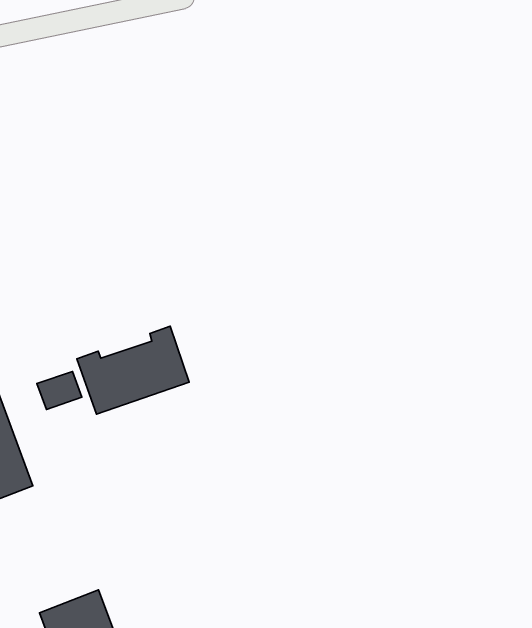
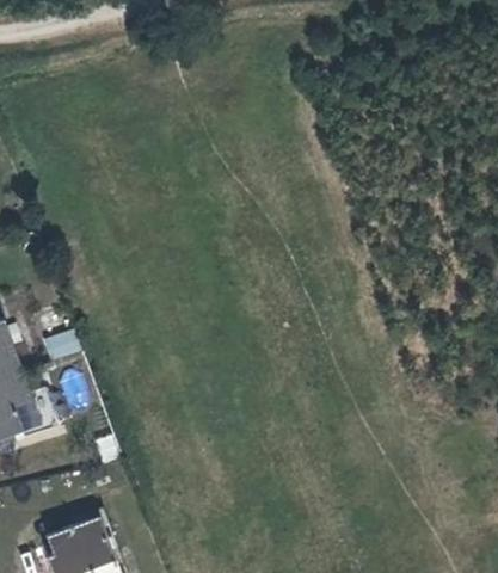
building: [77,326,189,414] -> none

